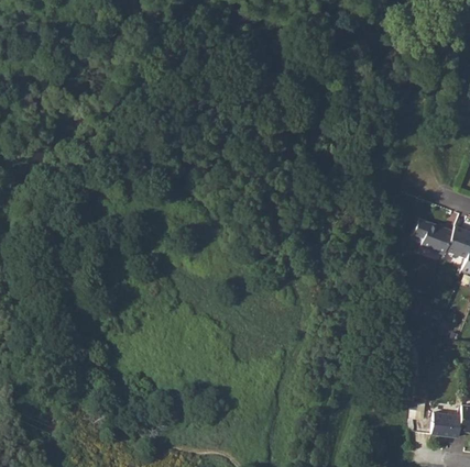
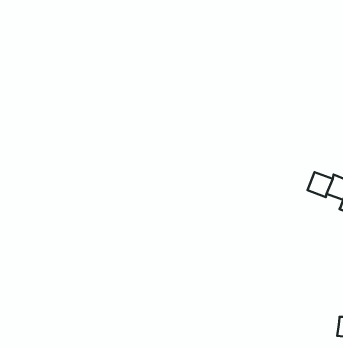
building: [428,411,458,436] -> none

